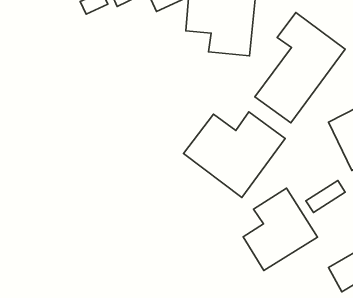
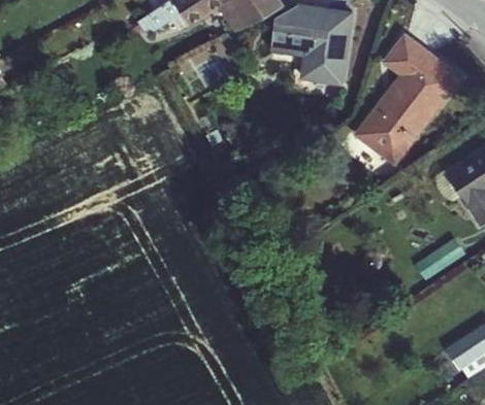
building: [183,112,285,197] -> none
building: [243,188,318,270] -> none

